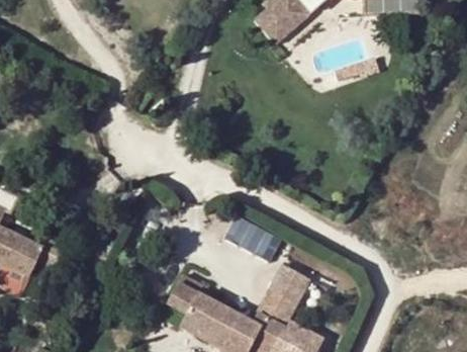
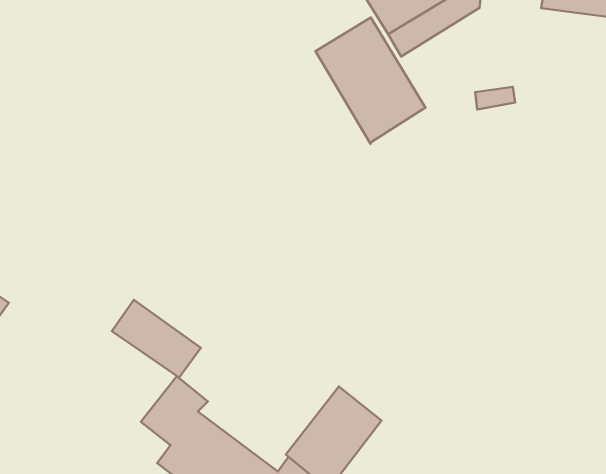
building: none -> [316,17,426,144]
building: [225,215,281,258] -> [112,300,201,378]

